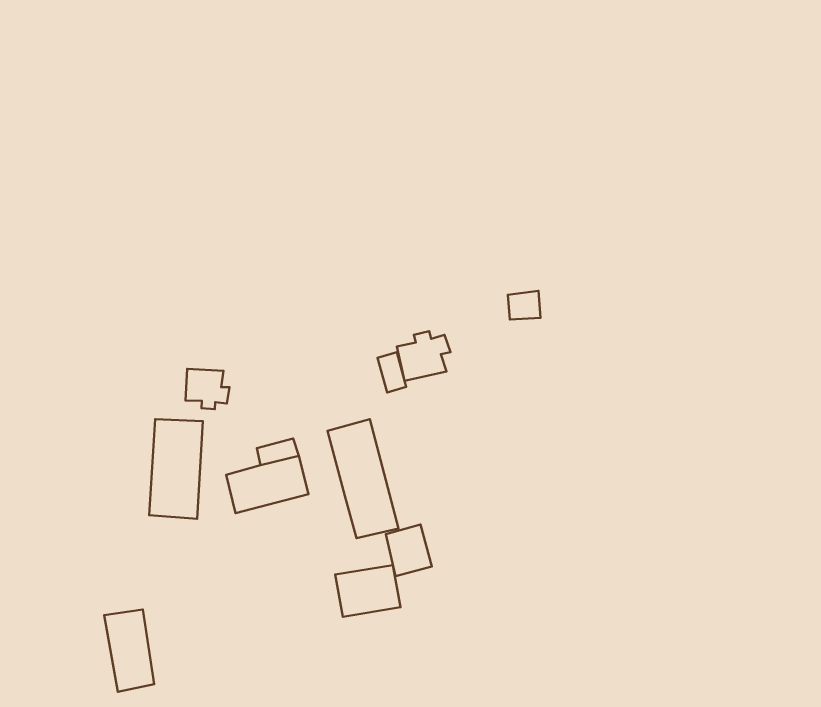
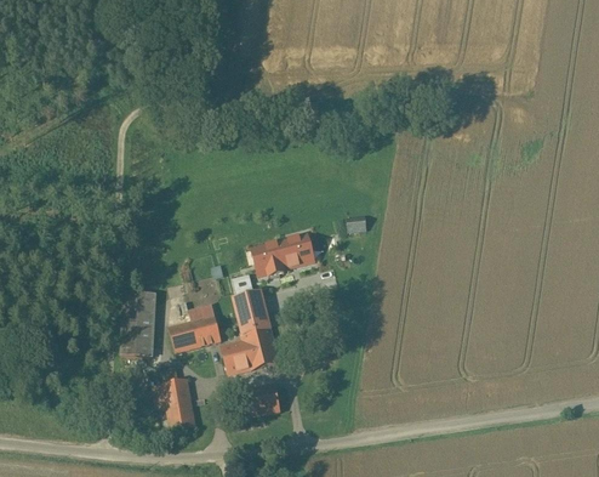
building: [185,369,229,409] -> none
building: [386,524,432,576] -> [222,341,251,374]
building: [104,609,154,692] -> [162,379,194,431]

